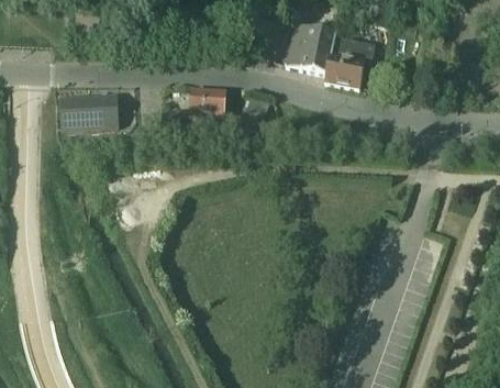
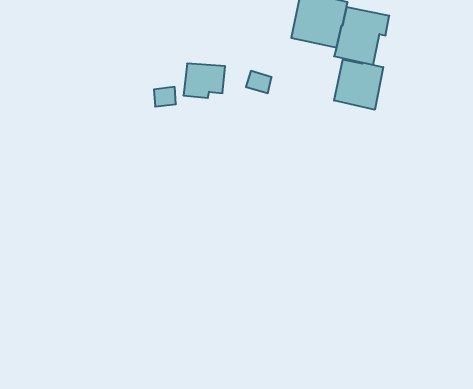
building: none -> [334,59,383,110]
building: [60,93,118,129] -> none

